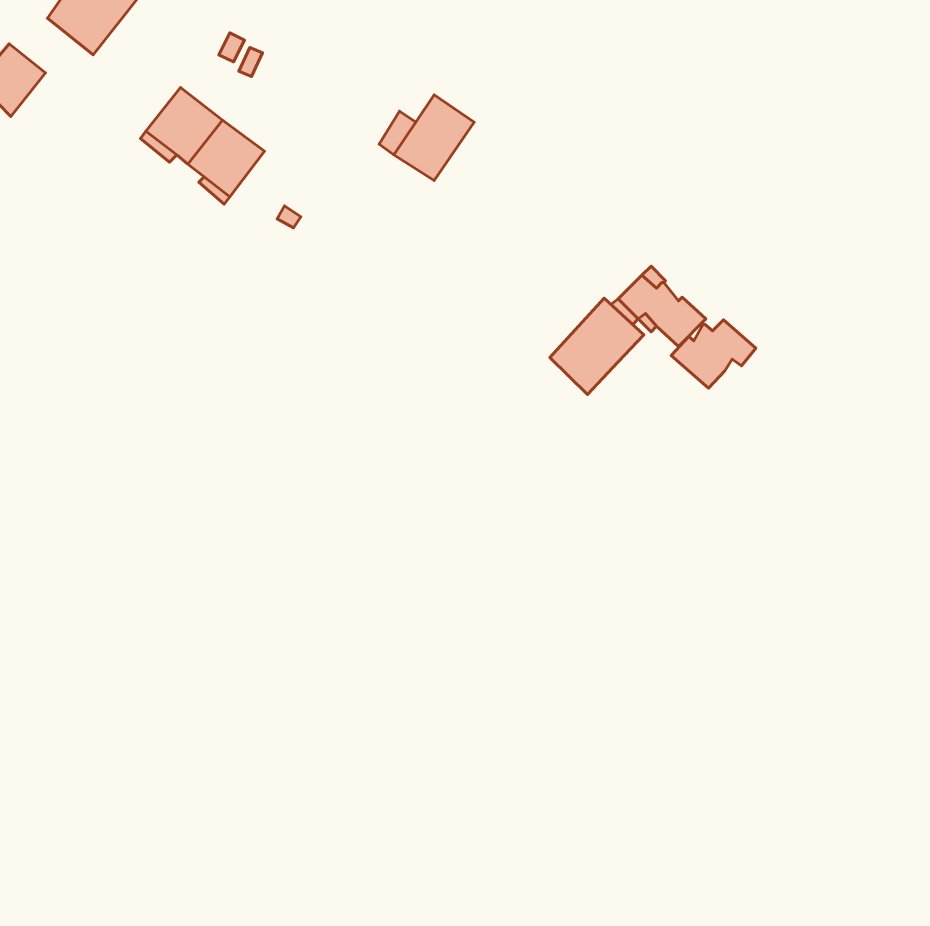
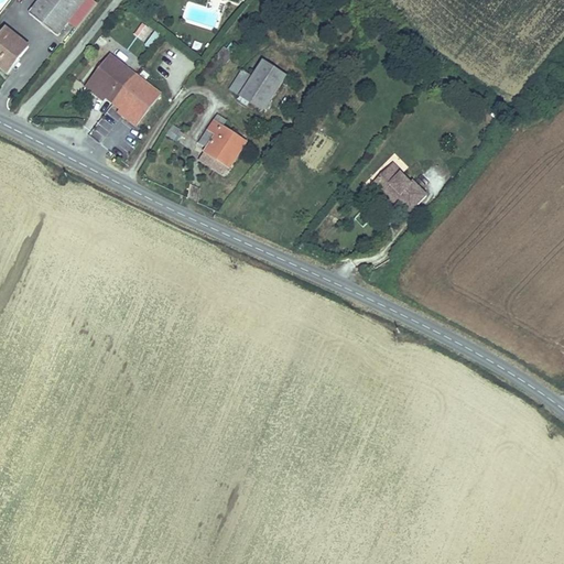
building: none -> [199,113,246,173]
building: [550,298,644,395] -> none
building: [671,320,756,388] -> none

